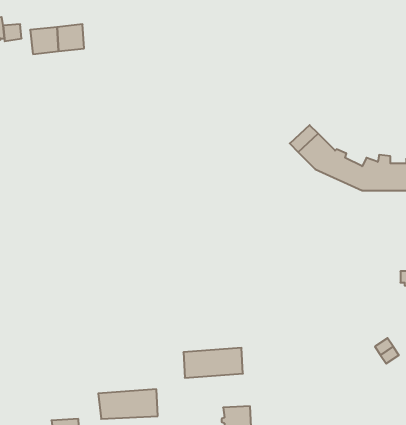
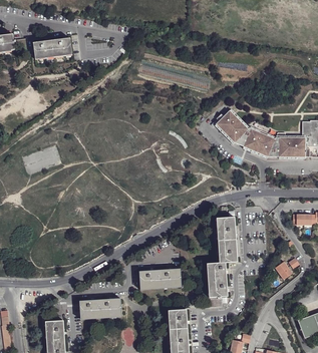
building: none -> [207,217,238,305]

